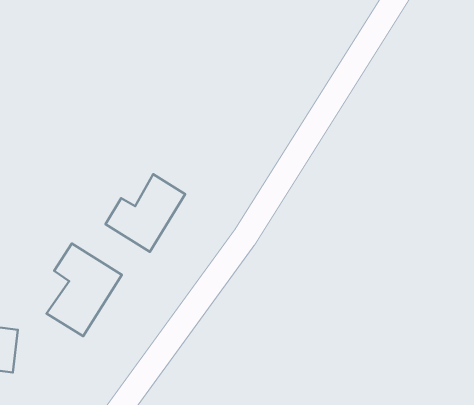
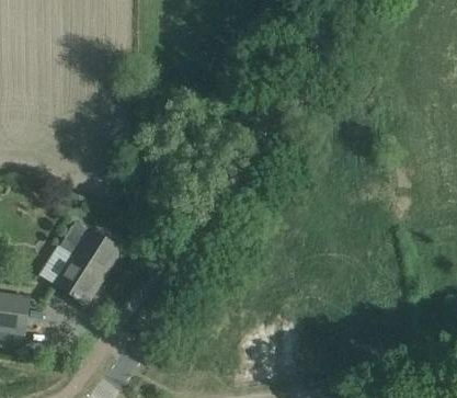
building: [105,174,185,252] -> none

